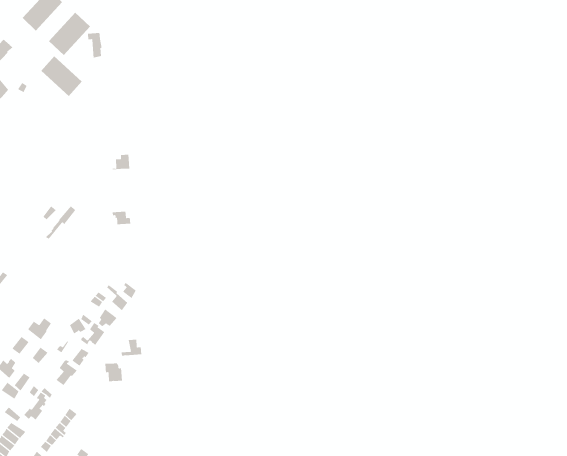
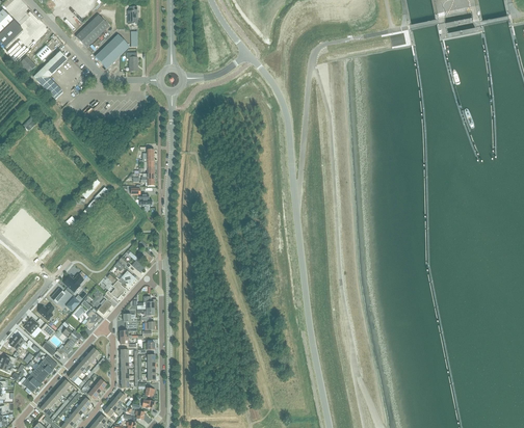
building: [41,55,83,97] -> none

